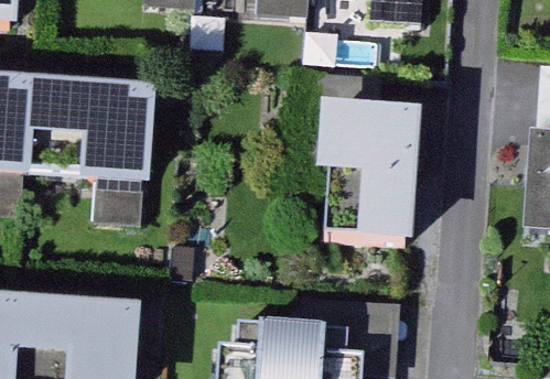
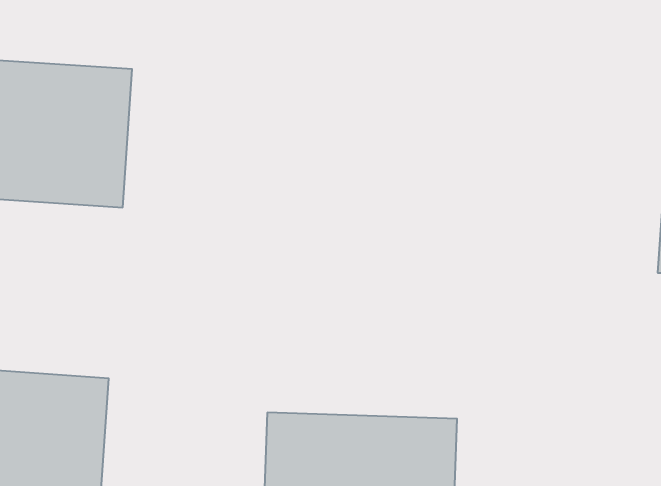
building: [328,100,422,237] -> none

